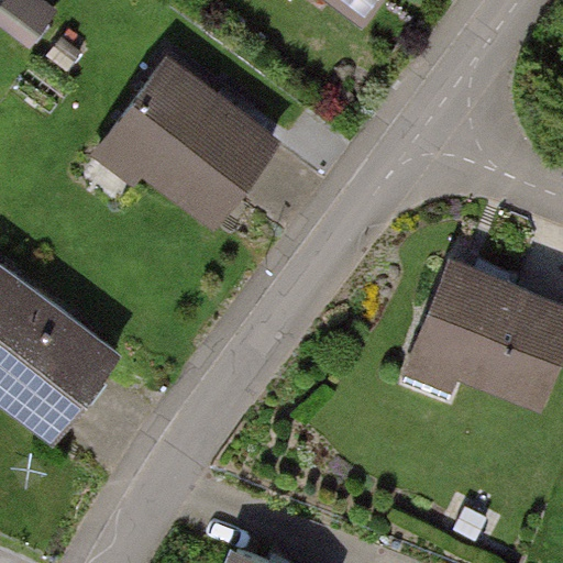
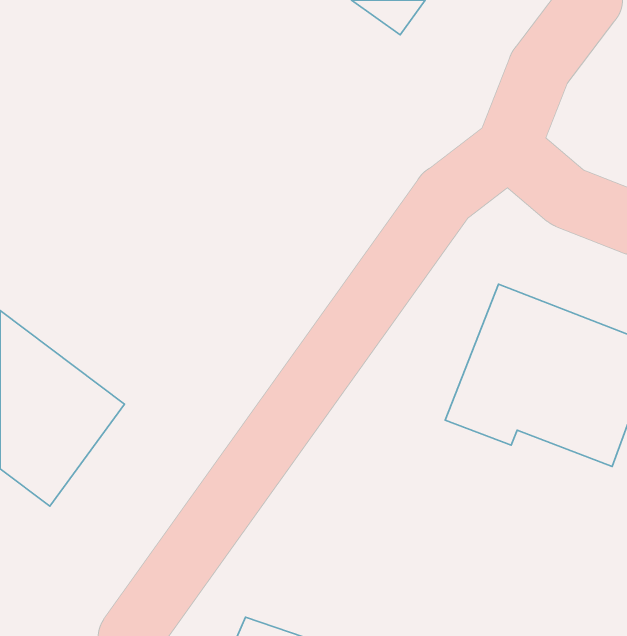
building: [100,58,282,229] -> none

